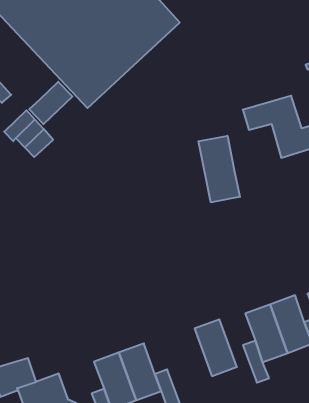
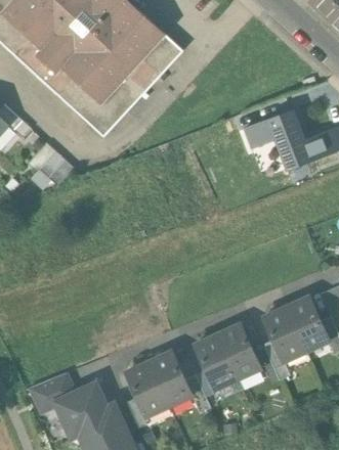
building: [29,82,72,124] -> none
building: [198,136,240,202] -> none
building: none -> [196,333,238,387]

